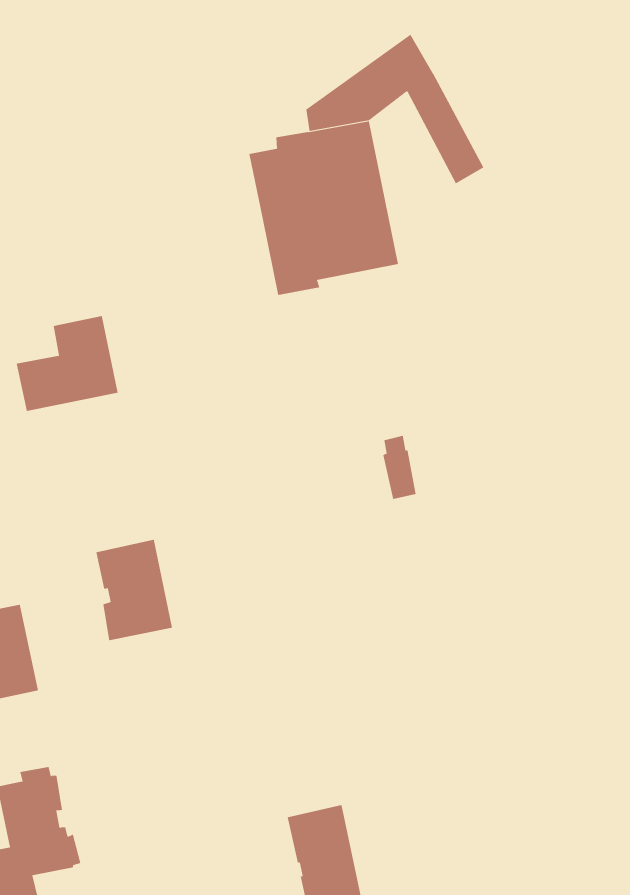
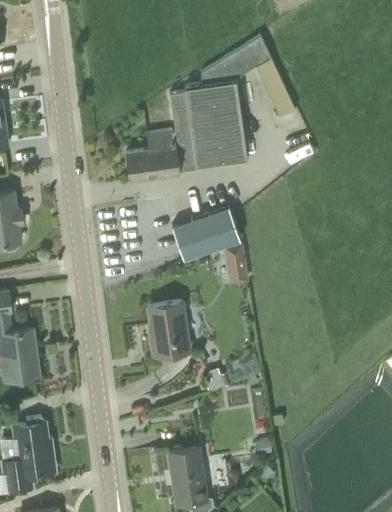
building: [16,315,118,411] -> [127,131,181,180]
building: none -> [173,208,241,261]
building: [96,539,173,641] -> [150,302,189,355]

